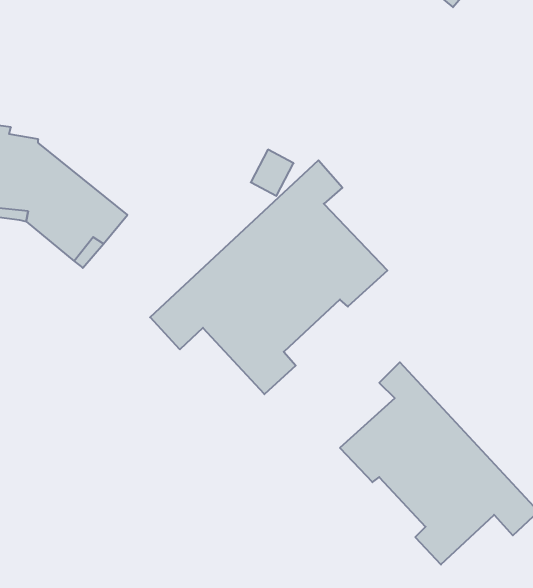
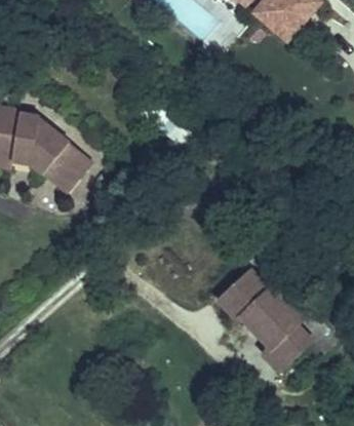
building: [150,160,387,394] -> none

